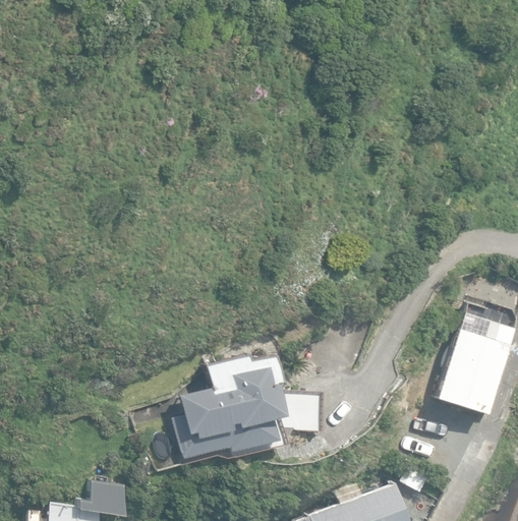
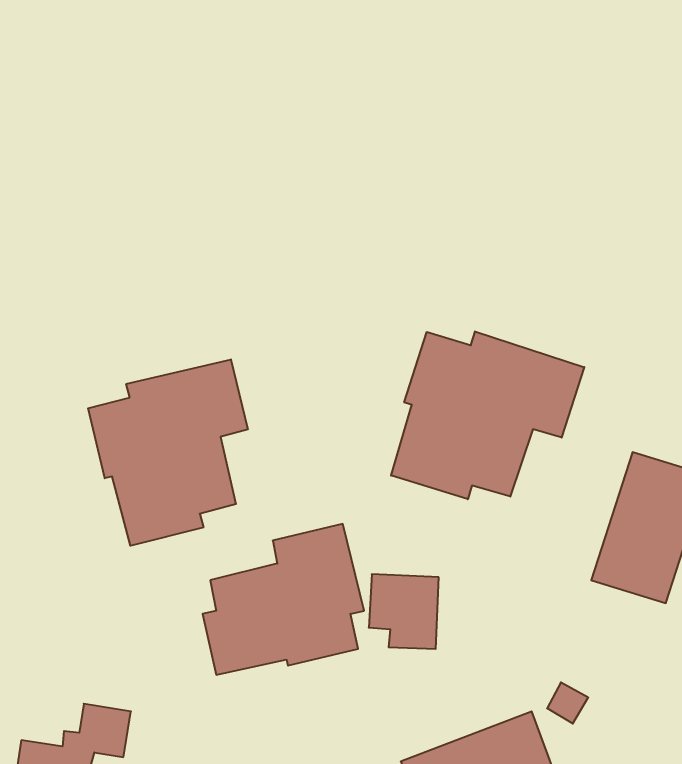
building: none -> [391,331,584,499]
building: none -> [88,359,248,546]

